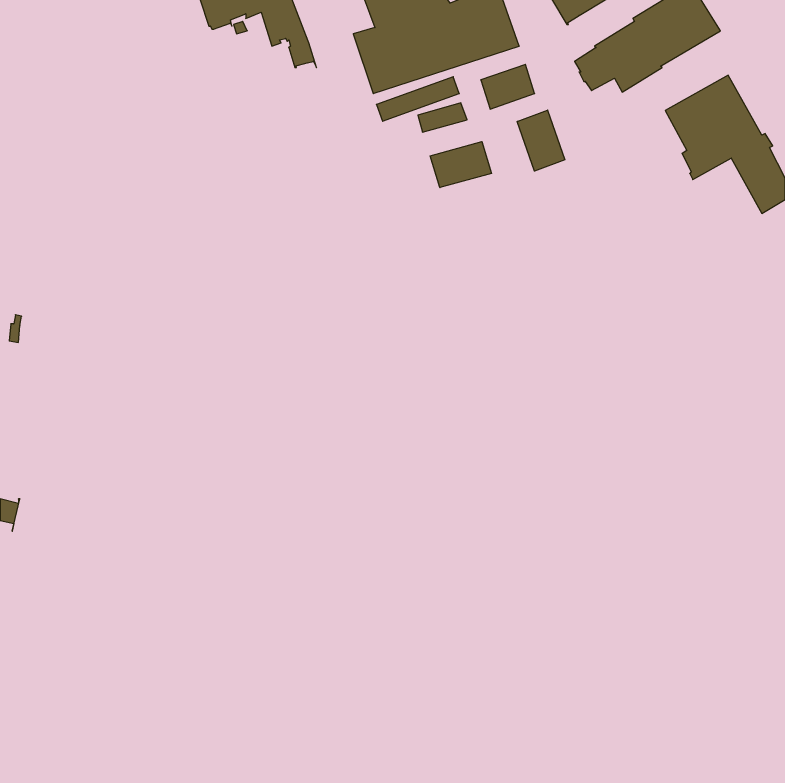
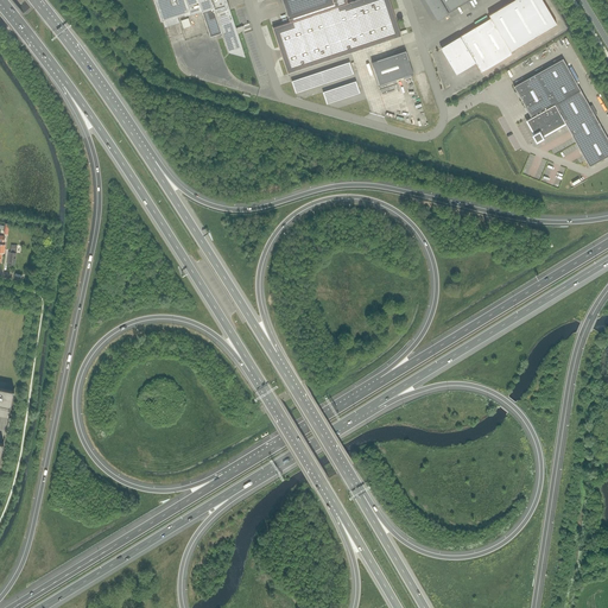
building: [517,110,565,171] -> none
building: [430,142,492,188] -> none

